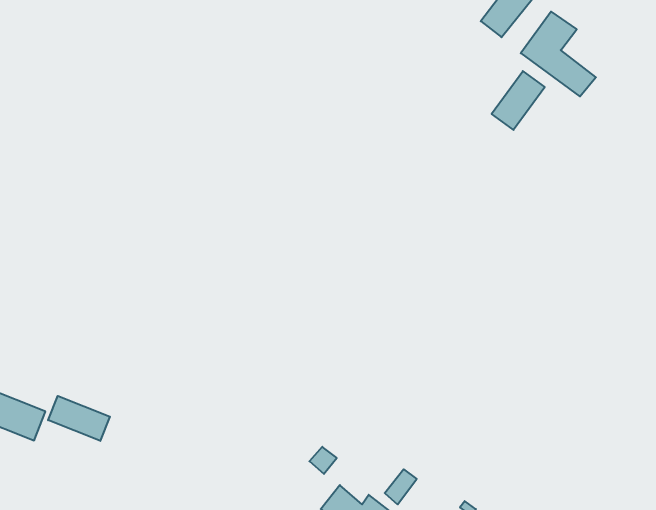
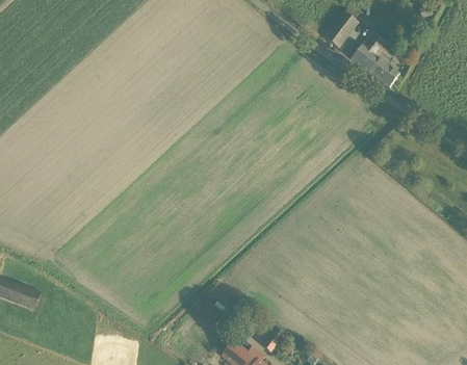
building: [492,71,545,130] -> none
building: [48,396,110,441] -> none

